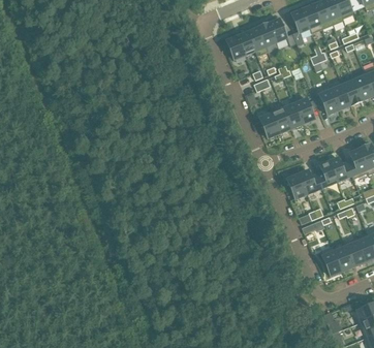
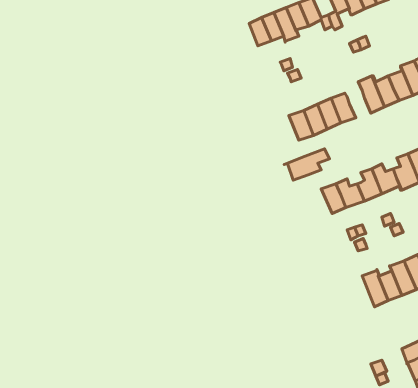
building: none -> [284,149,329,180]

